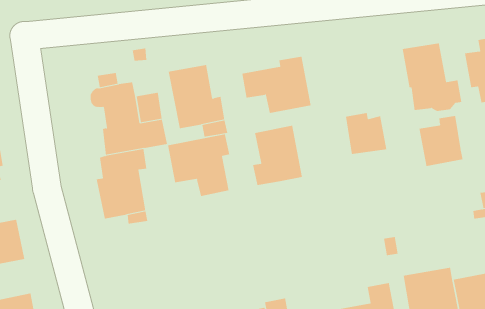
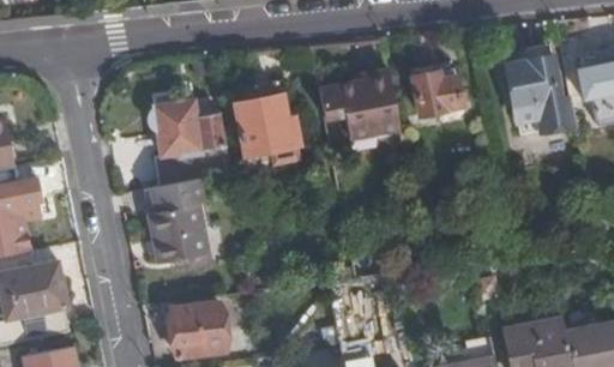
building: [345,113,387,155] -> [410,64,459,113]
building: [419,115,463,167] -> none
building: [253,125,302,186] -> none
building: [168,134,230,197] -> none
building: none -> [171,302,224,356]

